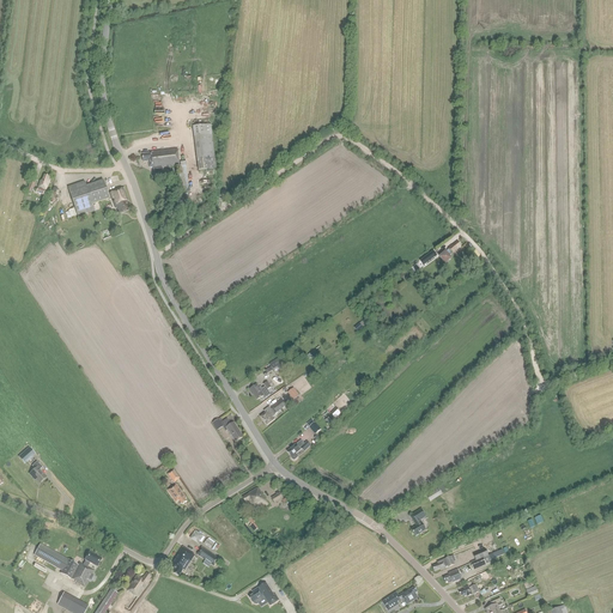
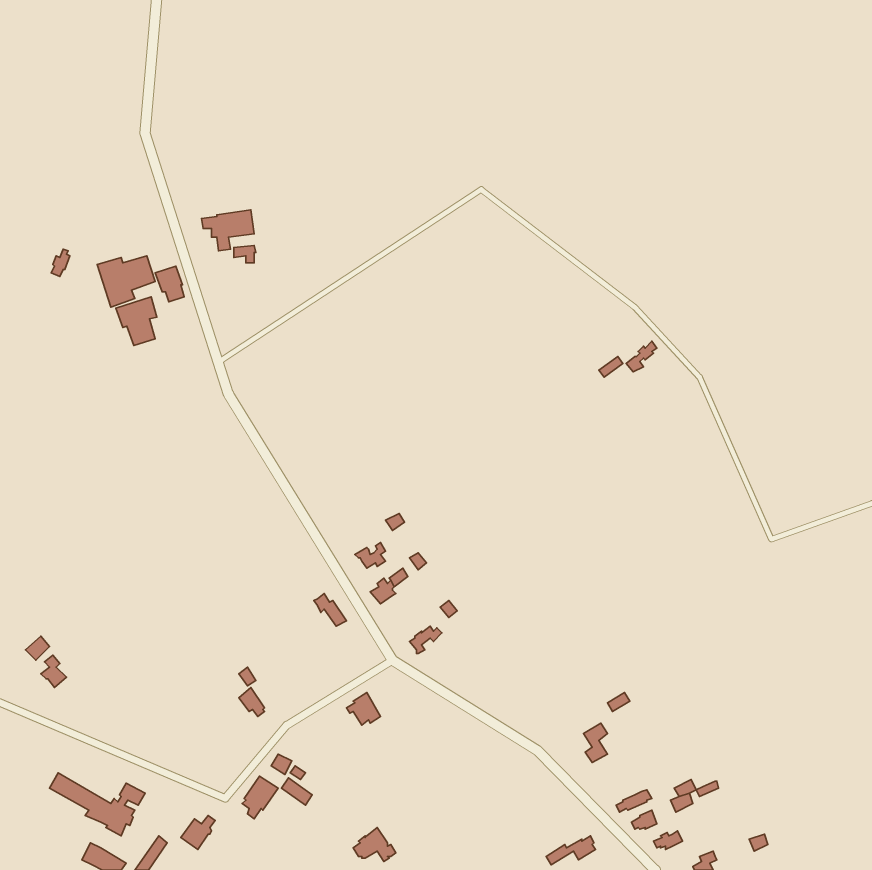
building: [193,123,217,170] -> none
building: none -> [116,297,157,345]

